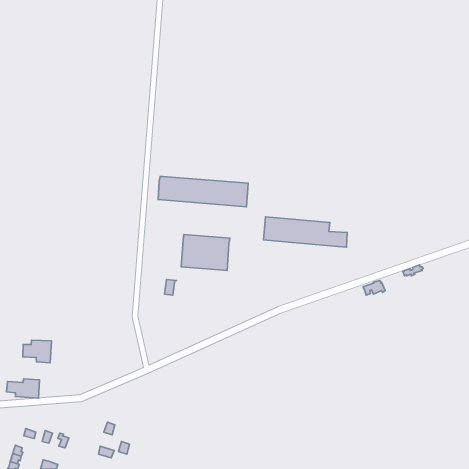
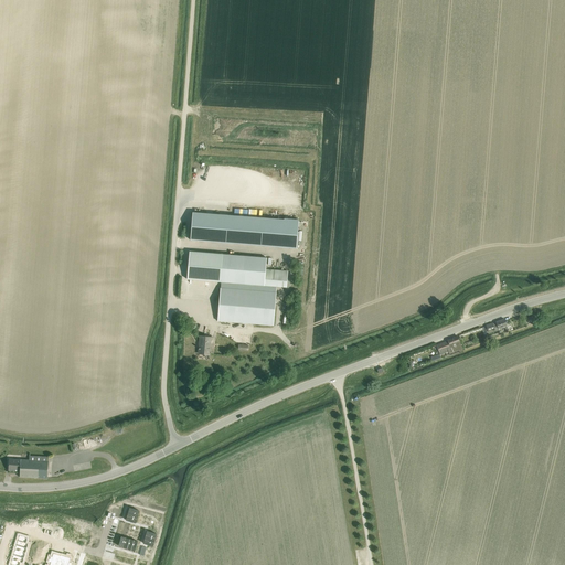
building: [264,217,347,247] -> [186,250,287,287]
building: [23,340,52,363] -> none

